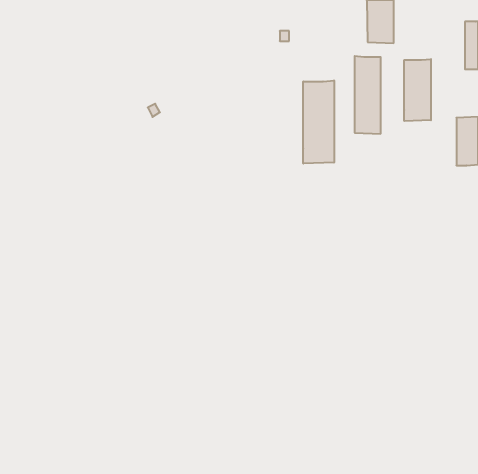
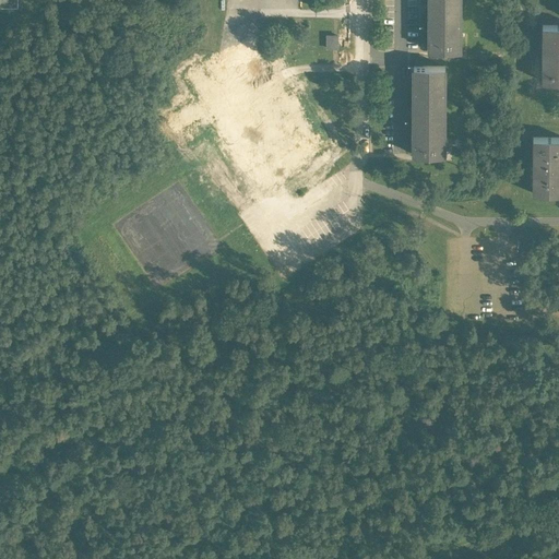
building: [404,59,431,121] -> none
building: [303,80,334,164] -> none

